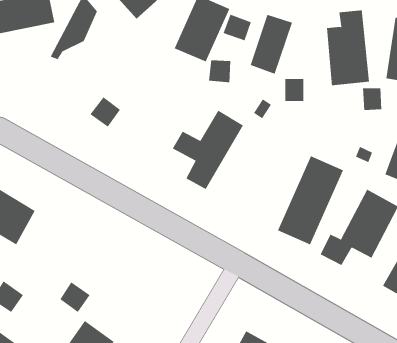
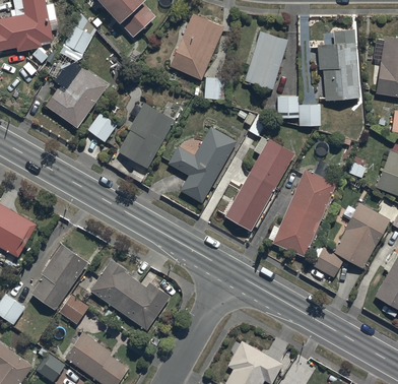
building: [223,14,251,41] -> none
building: none -> [45,67,110,129]
building: none -> [119,103,177,170]
building: [362,88,382,111] -> [301,105,320,127]
building: none -> [223,139,293,232]
building: none -> [31,243,87,310]
building: none -> [88,259,171,331]

